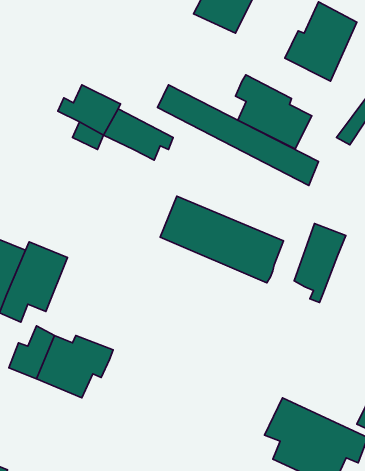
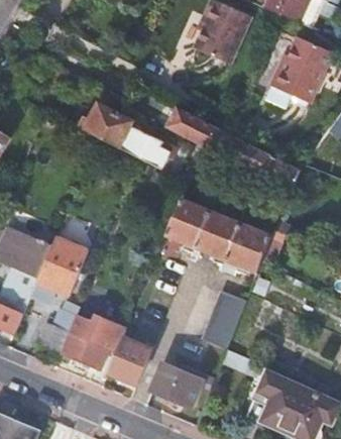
building: [236,75,312,149] -> none
building: [294,223,346,303] -> [202,290,245,356]
building: none -> [108,337,151,386]
building: none -> [152,364,203,408]

